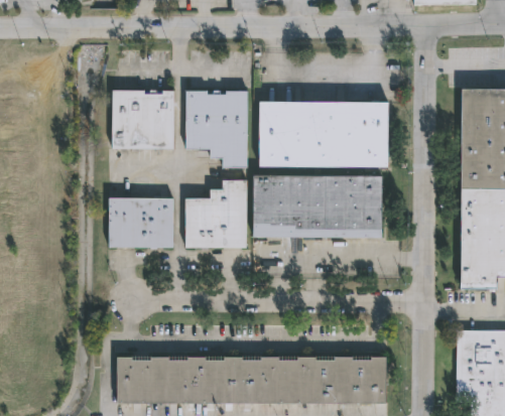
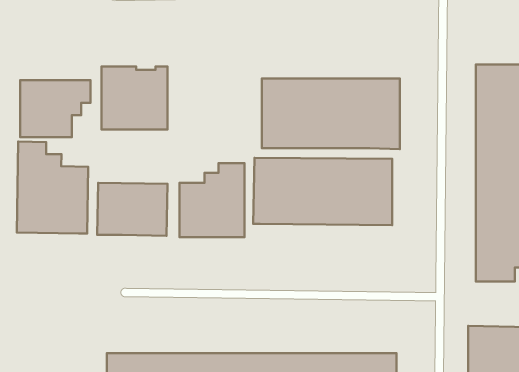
building: [186,91,247,167] -> none
building: none -> [20,80,90,137]
building: none -> [17,142,88,234]

